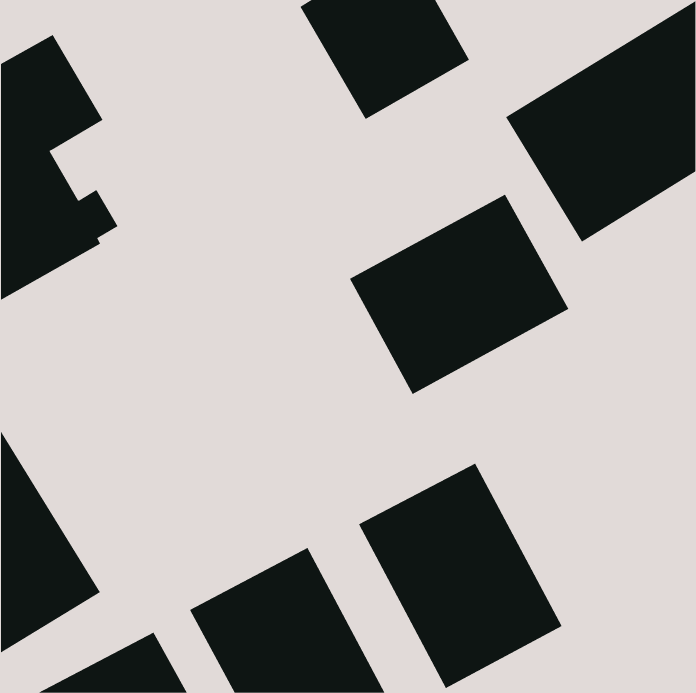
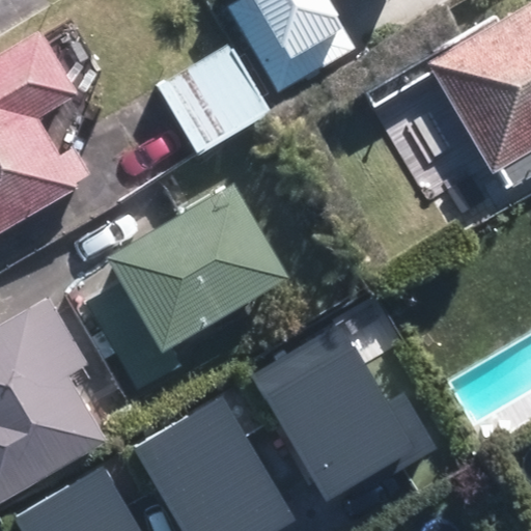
building: none -> [158,40,271,151]
building: [349,194,569,395] -> none
building: none -> [74,202,258,371]

